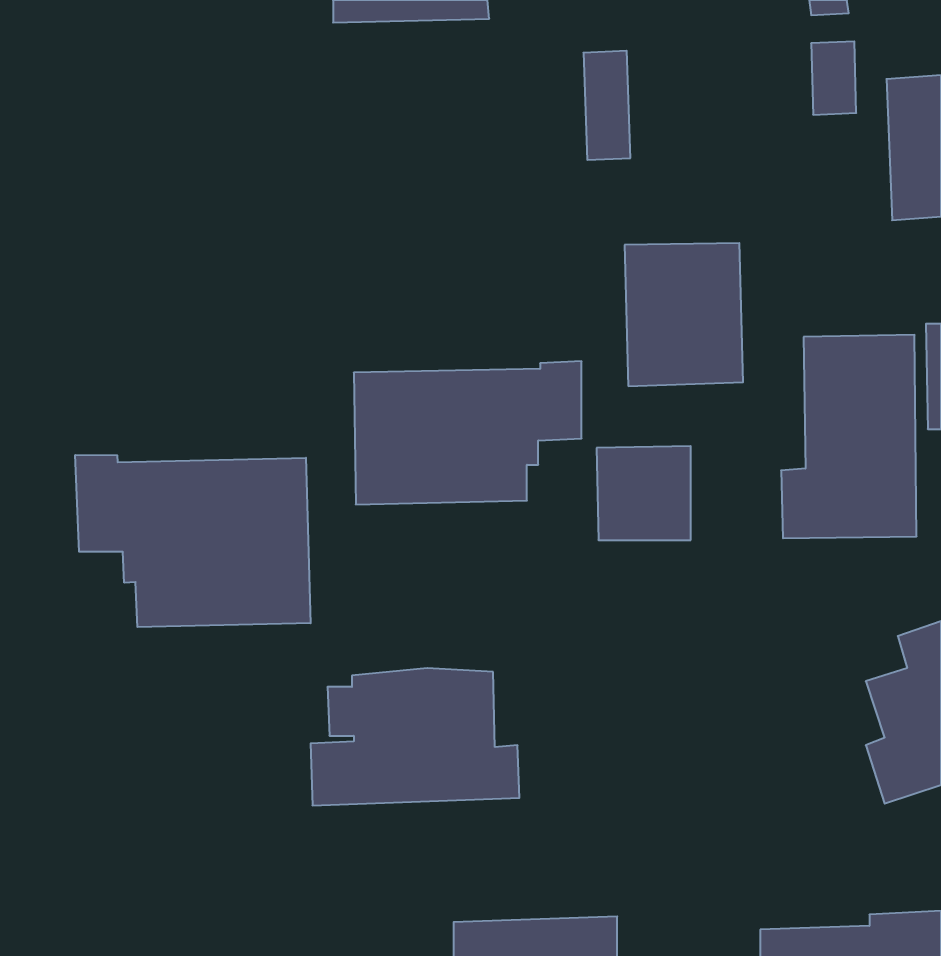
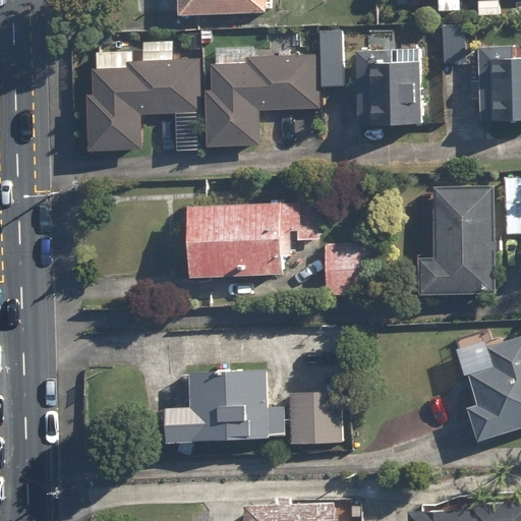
building: none -> [207,55,315,146]
building: none -> [89,59,197,151]
building: [625,243,743,386] -> [357,49,421,126]
building: [75,455,311,627] -> none
building: none -> [284,391,339,446]

